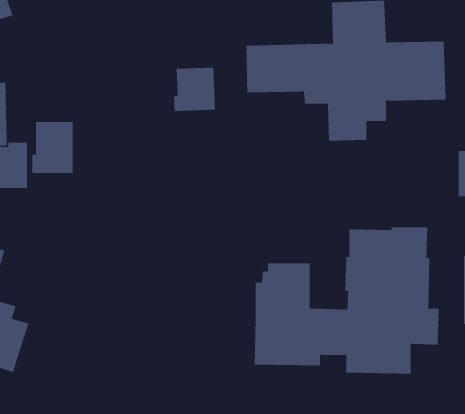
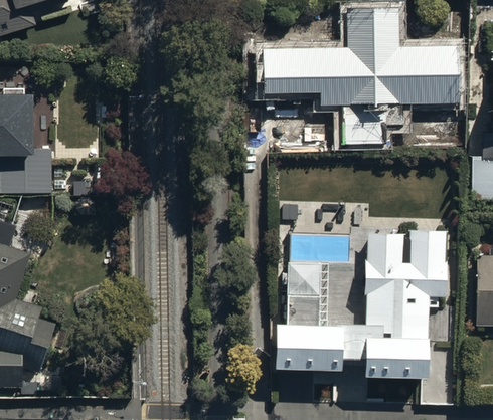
building: [173,67,215,112] -> none
building: [32,121,73,174] -> none

